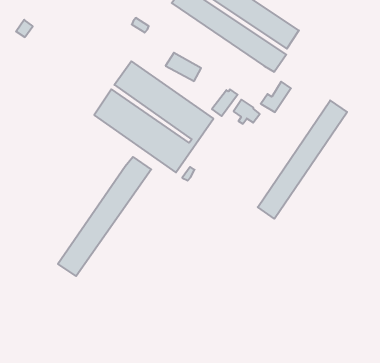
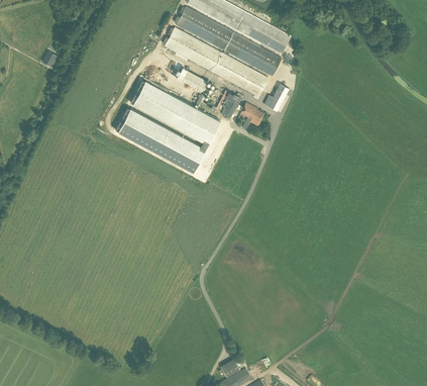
building: none -> [164,28,266,96]
building: [258,100,347,219] -> none
building: [58,157,151,276] -> none

